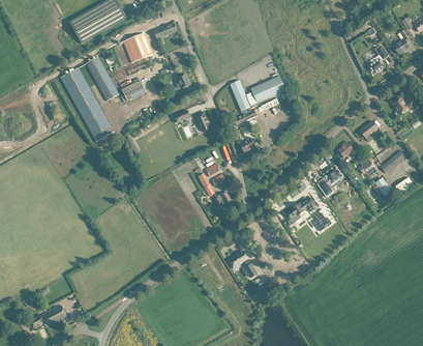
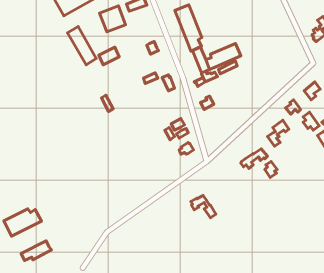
building: none -> [175,5,202,51]
building: [60,67,114,141] -> none
building: none -> [4,209,41,236]

